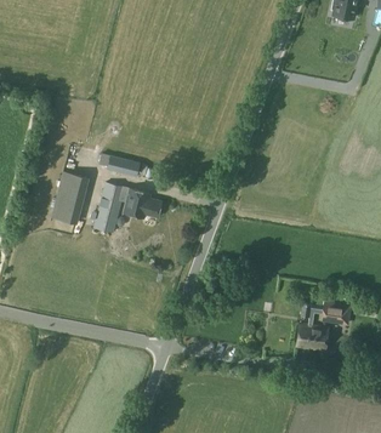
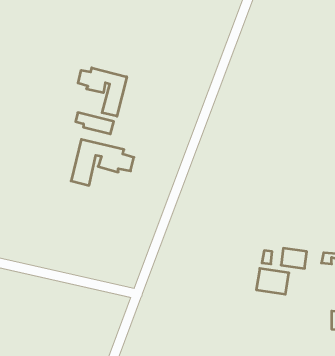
building: none -> [78,68,127,116]
building: [51,172,86,223] -> none

